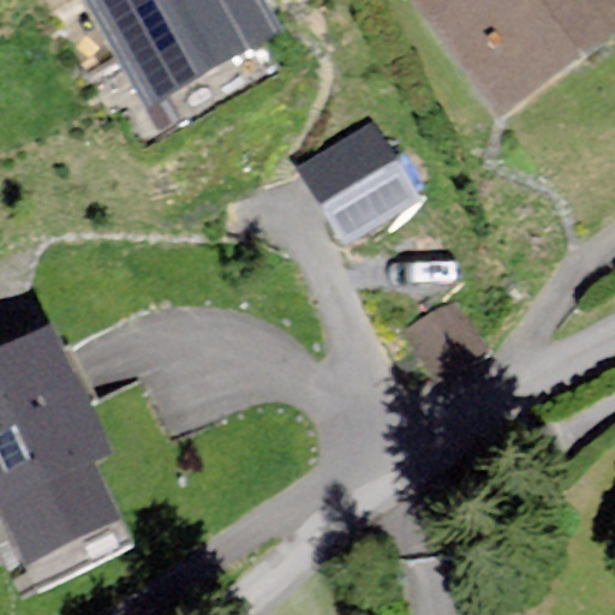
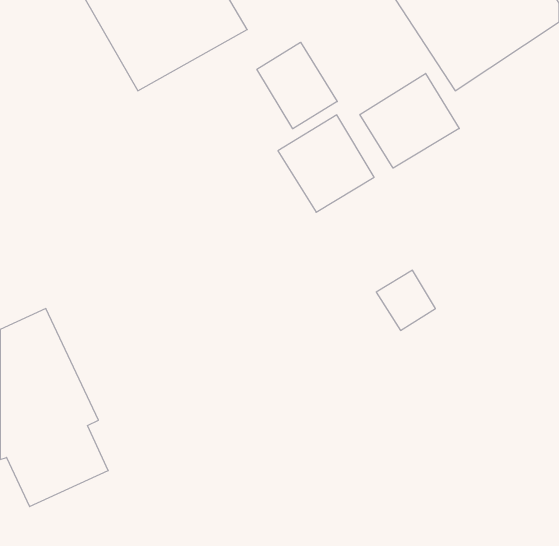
building: none -> [257,42,337,129]
building: none -> [360,73,459,168]

